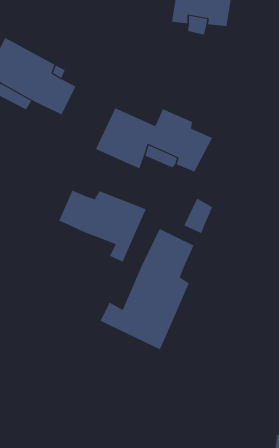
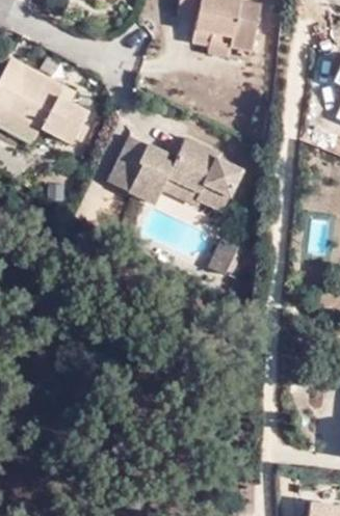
building: [58,190,147,262] -> none
building: [100,228,194,350] -> none

